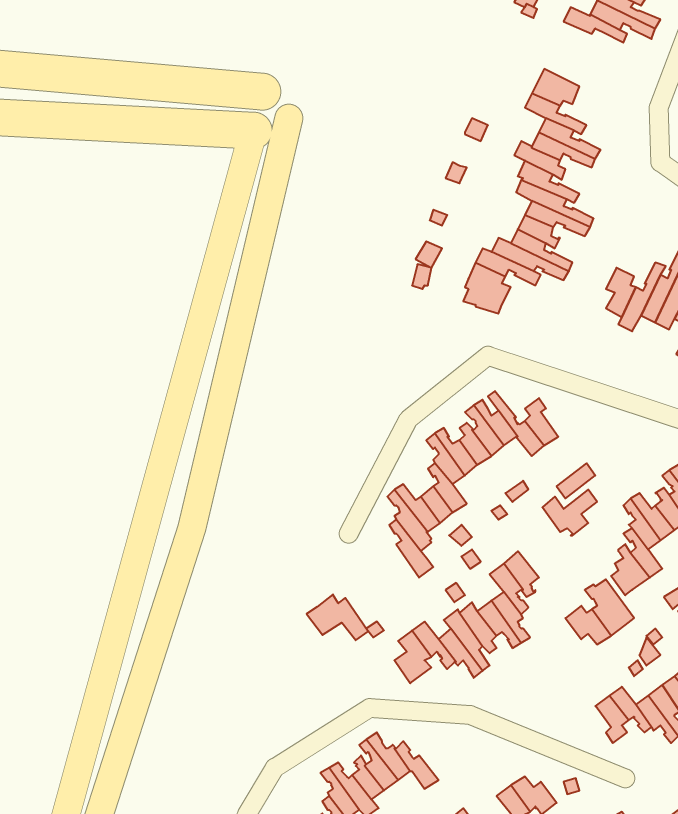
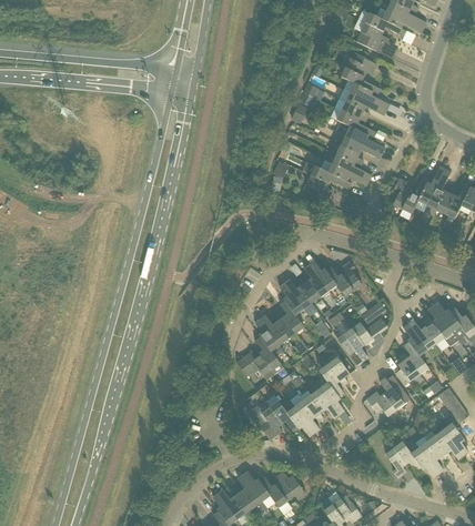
building: none -> [355,21,385,51]
building: none -> [336,327,366,363]
building: [307,594,368,640] -> [234,348,273,377]
building: none -> [273,469,304,499]

